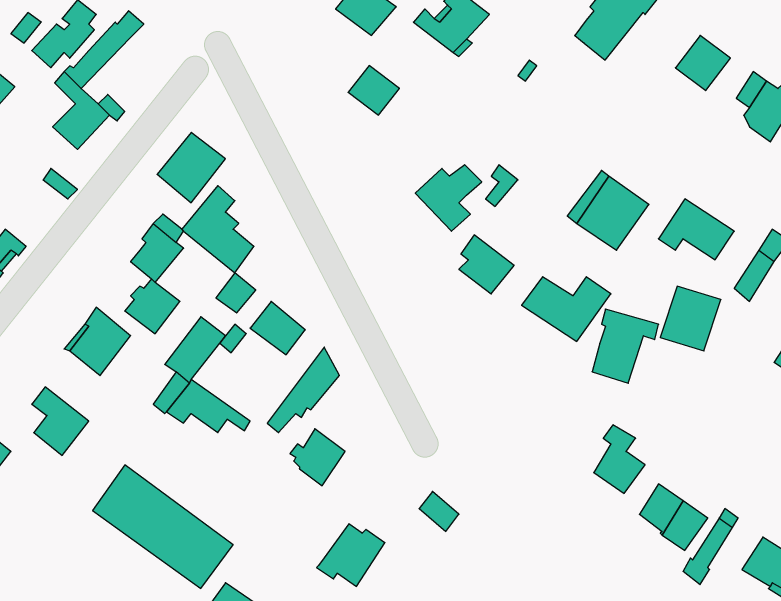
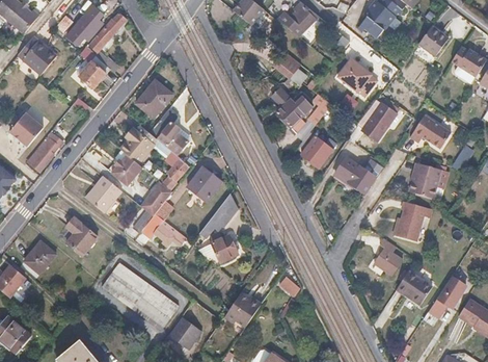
building: [348,66,399,115] -> [273,51,301,78]
building: none -> [337,57,378,95]
building: [592,309,659,383] -> [398,201,434,241]

